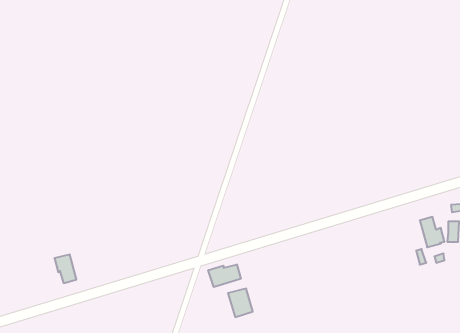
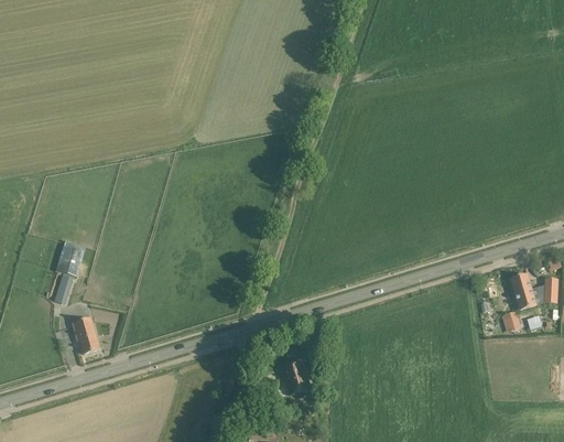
building: none -> [54,238,85,300]
building: [208,264,241,287] -> none

